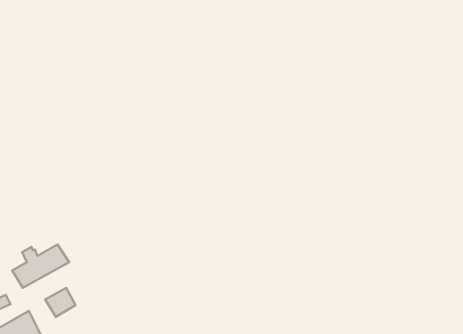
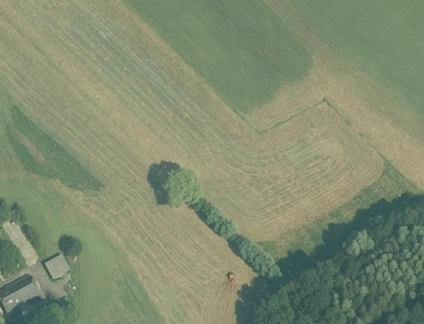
building: [12,244,69,288] -> none

